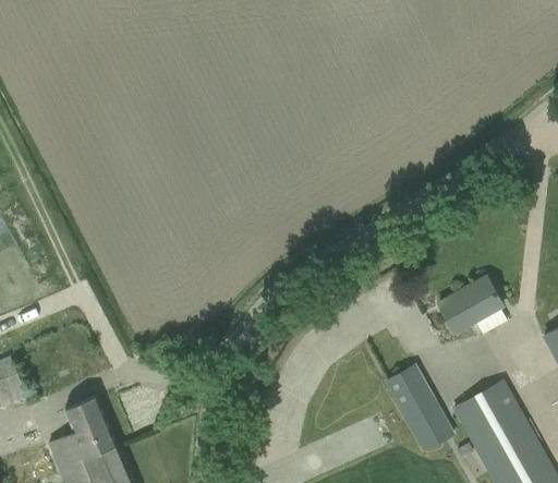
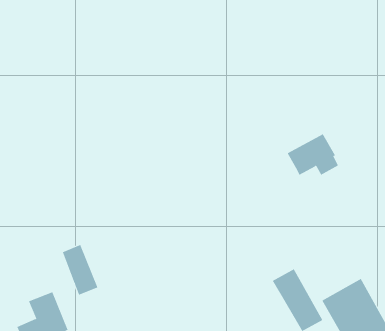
building: [438,277,507,333] -> [287,133,339,175]
building: none -> [62,244,98,296]

